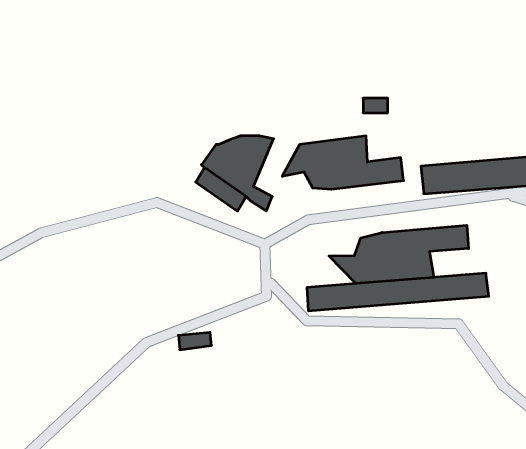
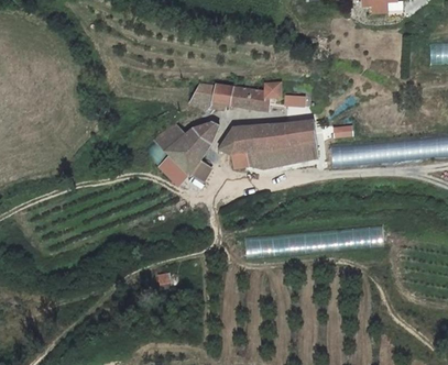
building: none -> [187,81,281,112]
building: none -> [286,121,313,143]
building: [329,225,469,283] -> none

